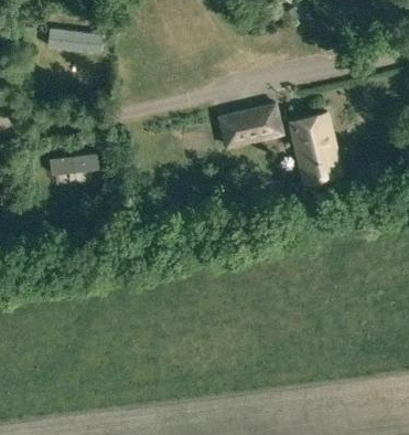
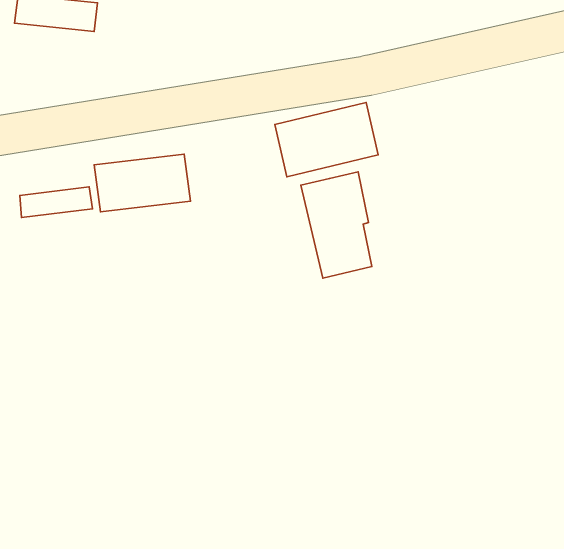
building: [290,113,336,182] -> [301,172,372,278]
building: none -> [94,154,190,212]

